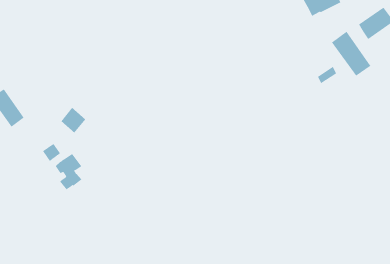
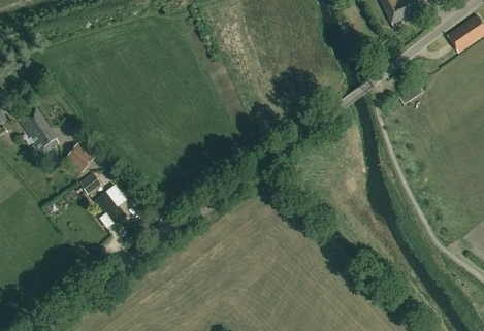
building: [331,31,371,76] -> none
building: [60,107,86,134] -> [64,141,94,172]

